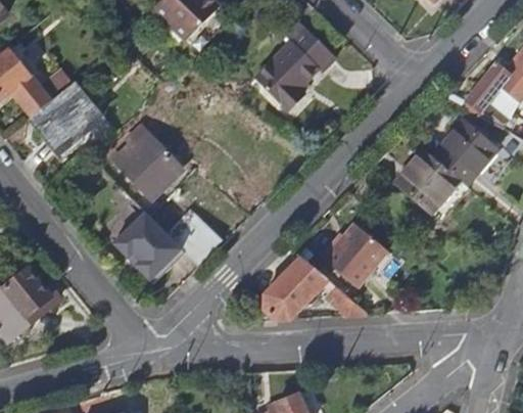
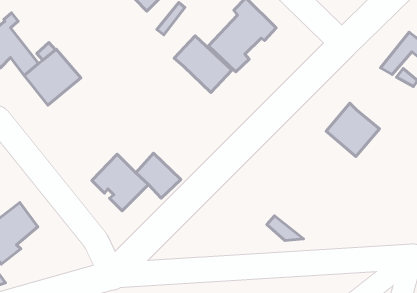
building: none -> [174,36,232,92]
building: [434,123,497,185] -> none
building: [114,126,171,192] -> none
building: [314,215,377,278] -> none
building: [265,258,329,319] -> none

